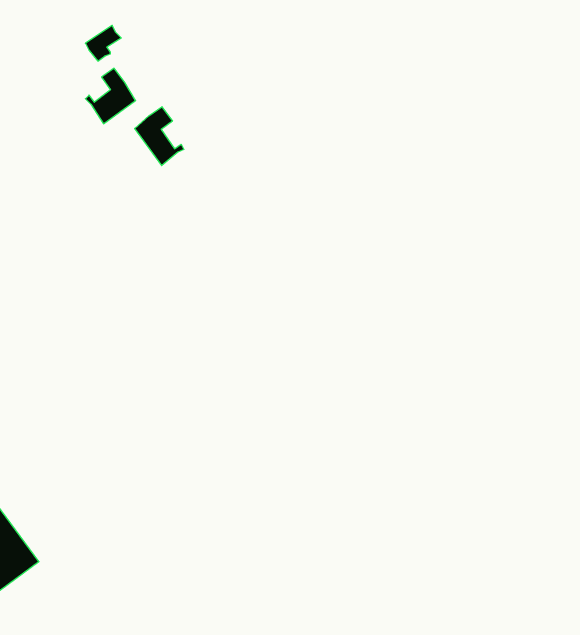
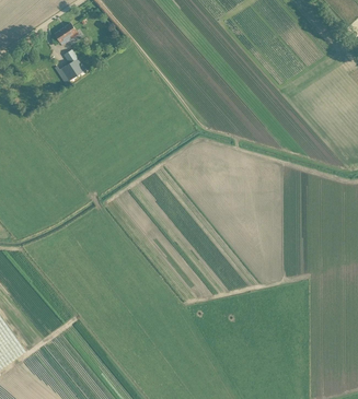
building: [135,107,184,166] -> none

